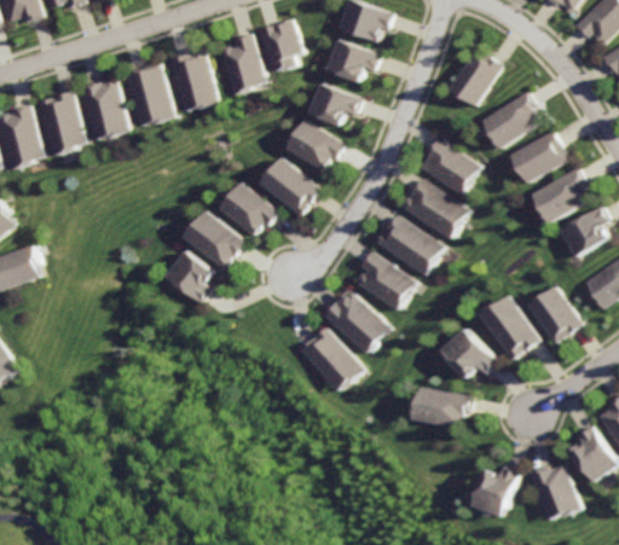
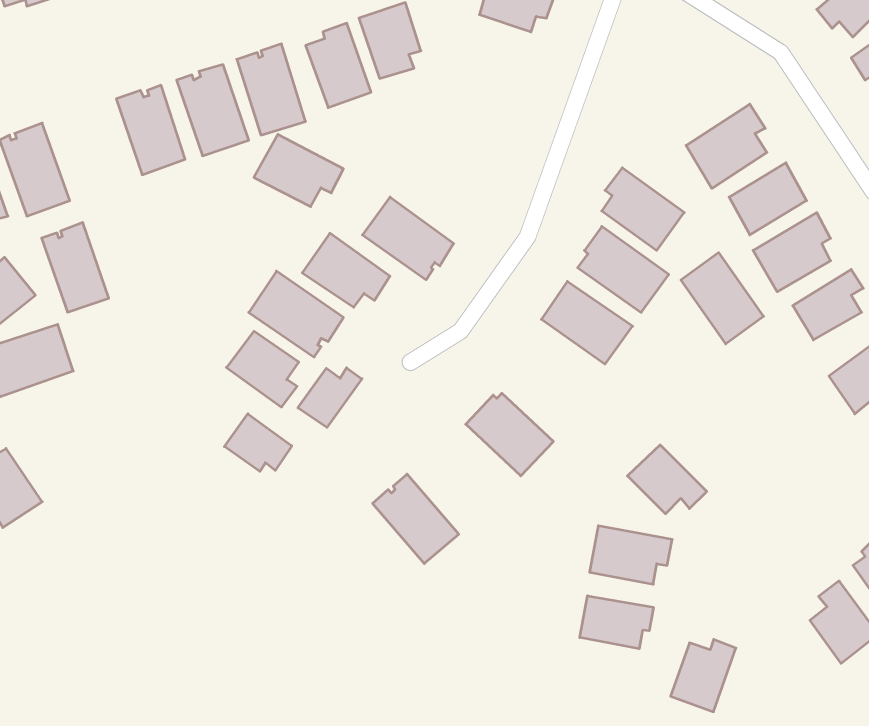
building: [323,39,378,81] -> none
building: [451,52,499,104] -> none
building: [307,83,363,123] -> none
building: [42,91,89,153] -> [42,223,109,312]
building: [284,120,347,170] -> [254,134,343,207]
building: [358,251,417,309] -> none
building: none -> [298,368,362,427]
building: [527,288,579,343] -> none
building: [479,296,537,360] -> [681,253,764,344]
building: none -> [224,414,292,471]
building: [303,327,364,390] -> [373,474,459,564]
building: none -> [580,596,653,649]
building: [528,465,578,520] -> none

